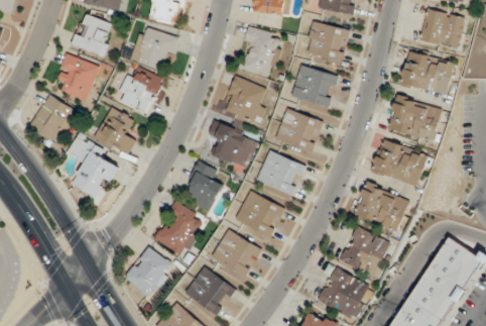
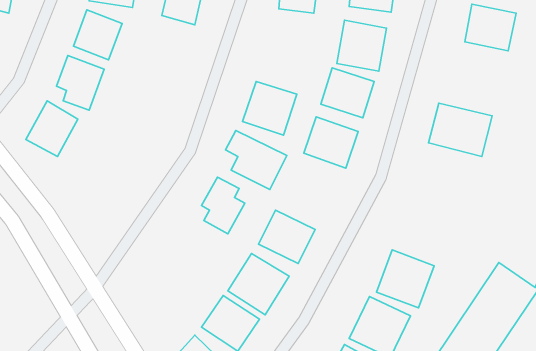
building: [130,25,177,69] -> none
building: [243,26,281,78] -> none
building: [392,51,455,94] -> none
building: [116,68,163,113] -> none
building: [94,106,135,155] -> none
building: [67,135,121,199] -> none
building: [370,138,430,188] -> none
building: [256,150,306,196] -> none
building: [352,181,409,233] -> none
building: [155,202,206,256] -> none
building: [124,245,174,298] -> none

